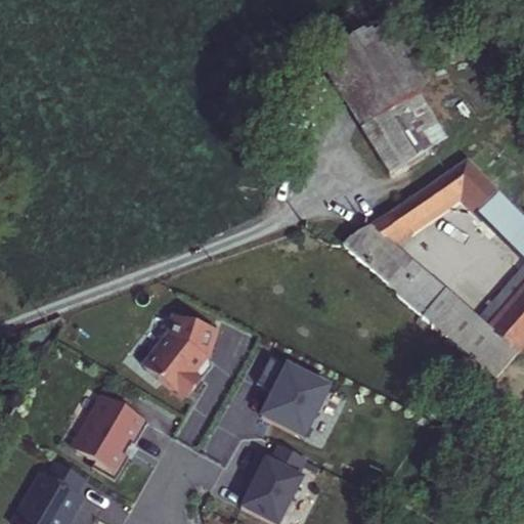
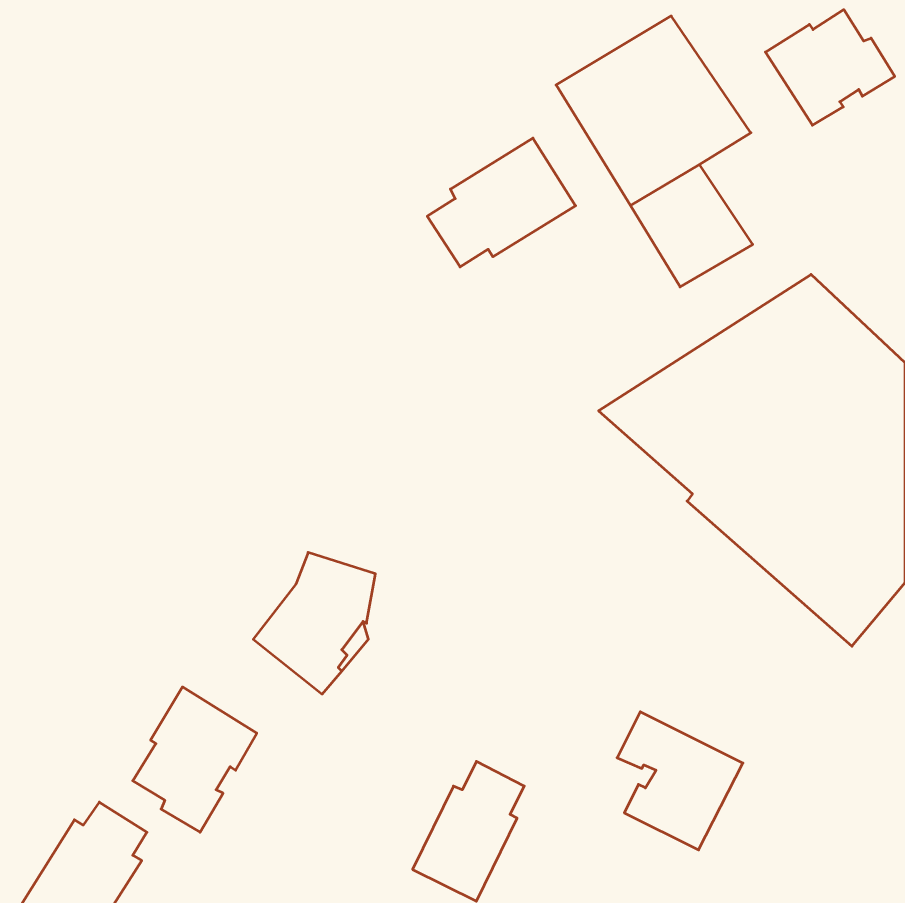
building: none -> [765,10,895,125]
building: none -> [427,138,576,267]
building: [254,354,326,434] -> [617,712,743,850]

